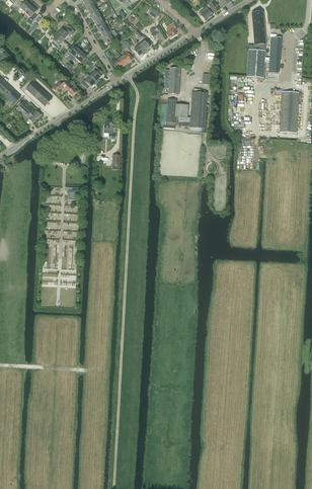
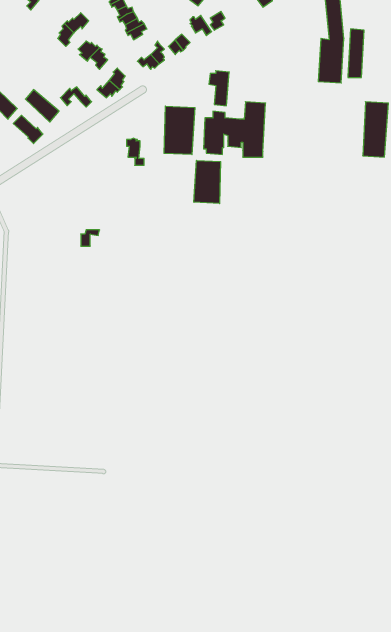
building: none -> [164,106,195,155]
building: none -> [194,160,221,204]

